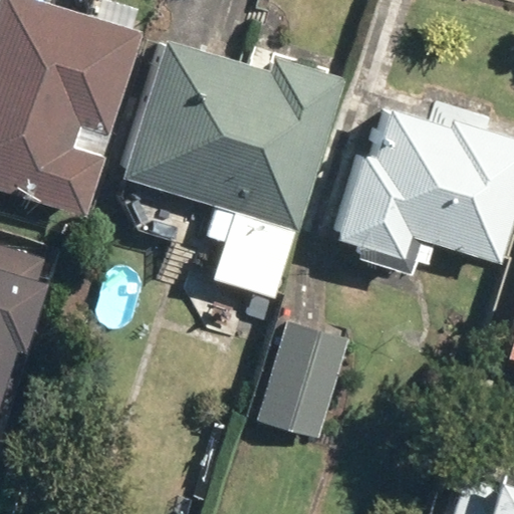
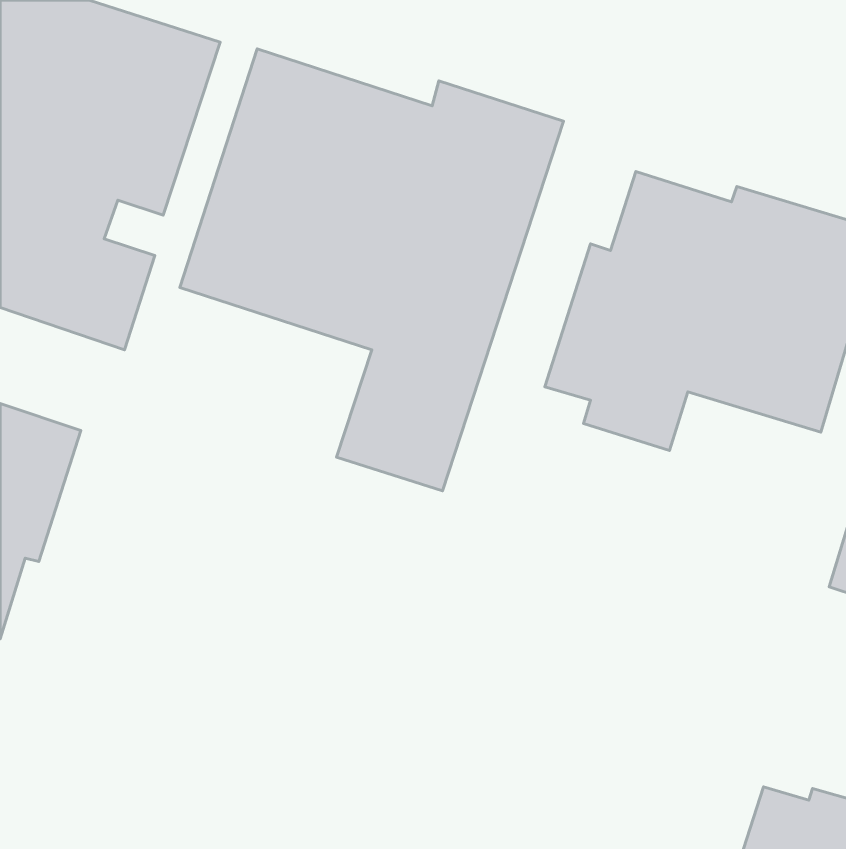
building: [256,322,346,440] -> none

